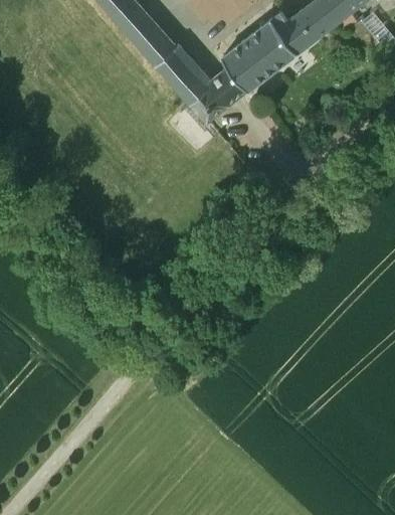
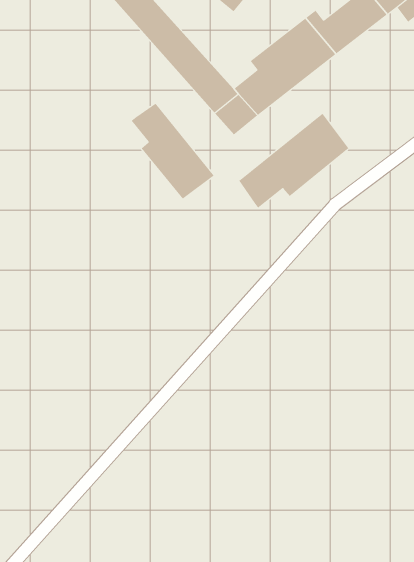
building: none -> [131,103,215,200]
building: none -> [239,113,349,208]

